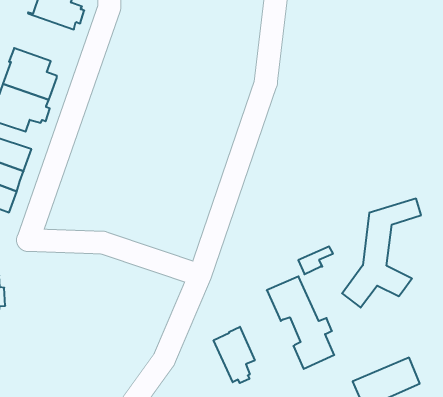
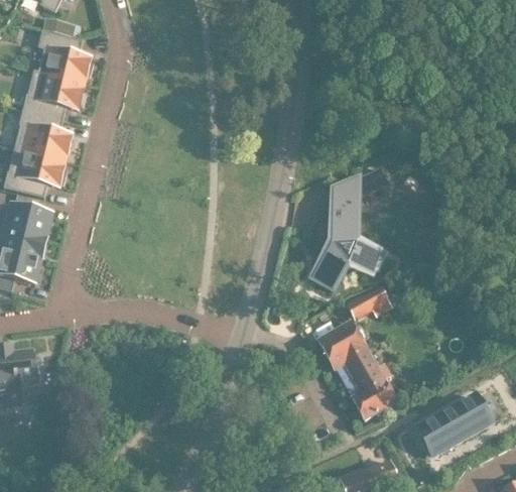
building: none -> [22,70,86,118]
building: [342,199,421,308] -> [311,167,387,289]
building: [214,327,255,383] -> none

